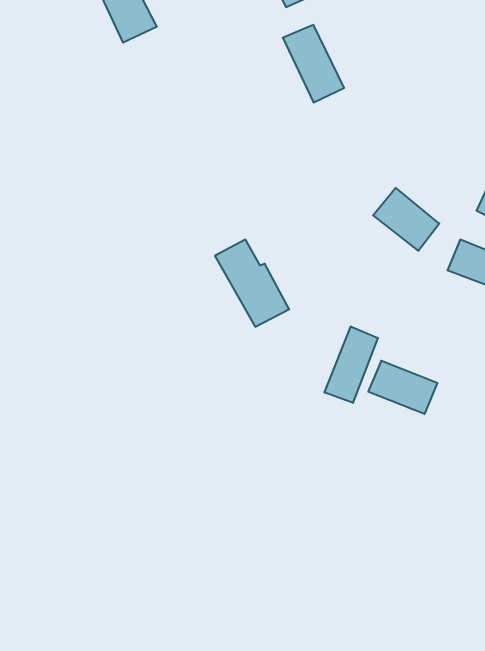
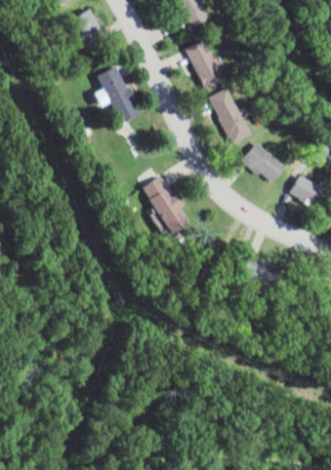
building: none -> [96,66,139,124]
building: none -> [211,90,251,145]
building: [324,326,378,403] -> none

